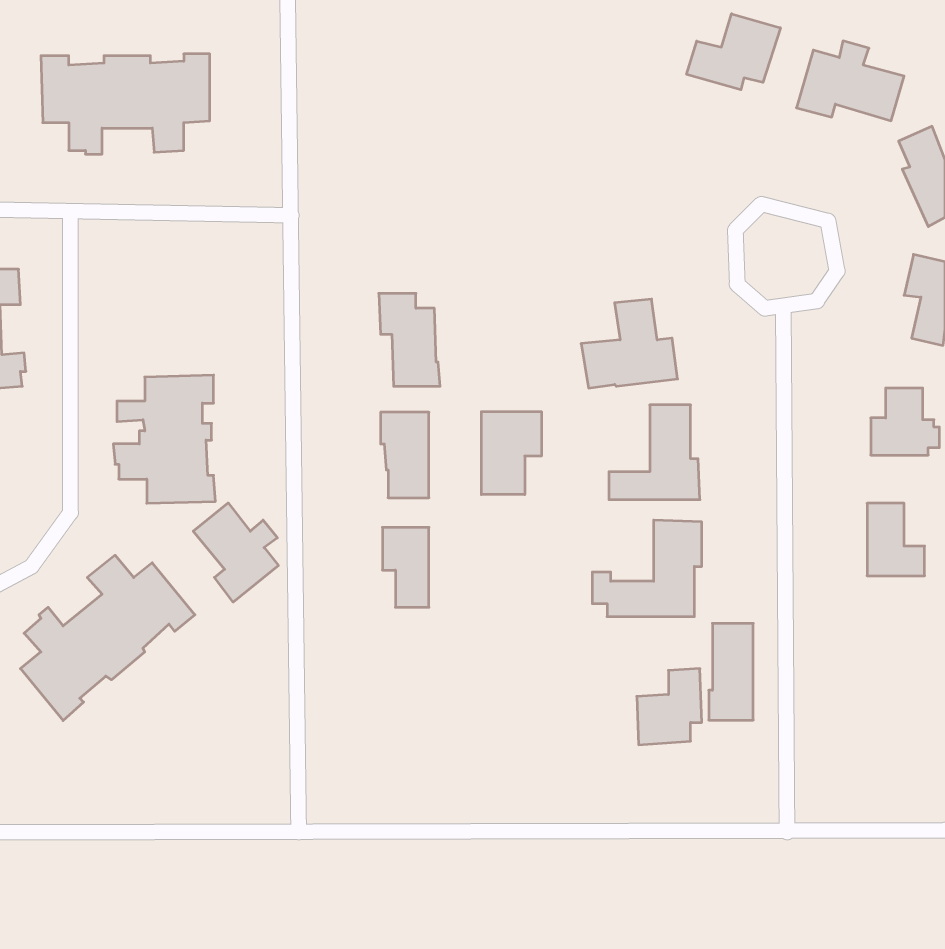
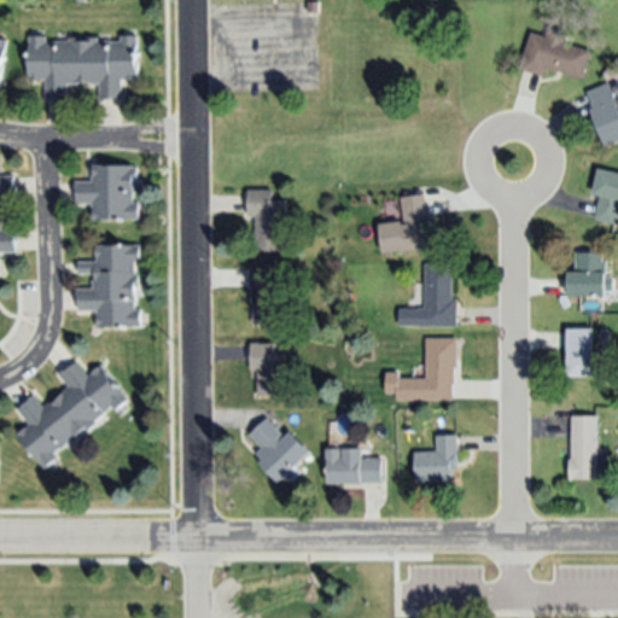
building: [687,14,780,90] -> none
building: none -> [72,164,138,222]
building: [481,412,541,495] -> none
building: [193,503,278,602] -> none
building: [709,623,753,720] -> [567,416,596,479]
building: none -> [249,418,308,482]
building: none -> [325,448,379,483]

